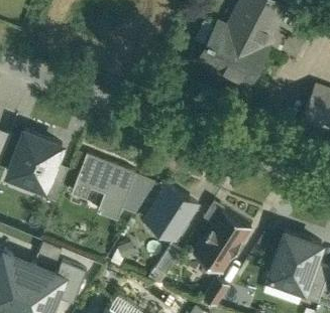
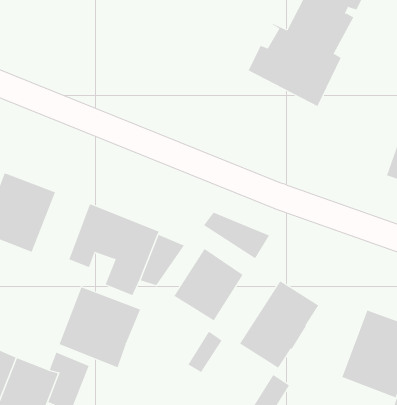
building: none -> [203,212,270,259]
building: none -> [59,287,141,368]

